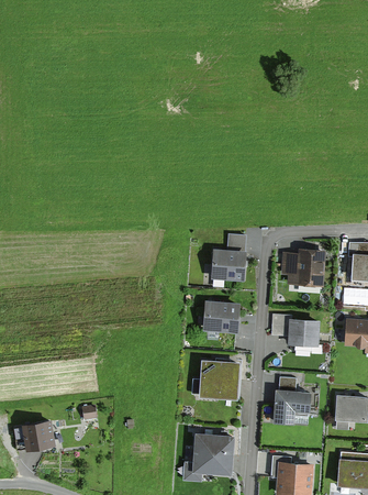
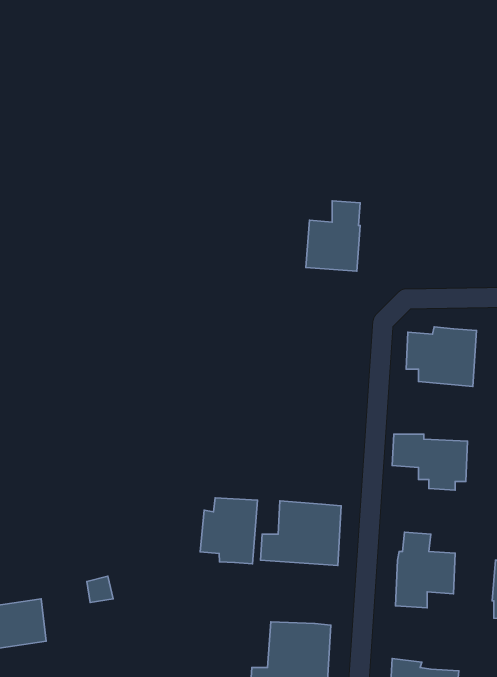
building: [212,235,246,279] -> [306,201,360,271]
building: [202,300,239,333] -> none
building: none -> [200,498,258,564]

